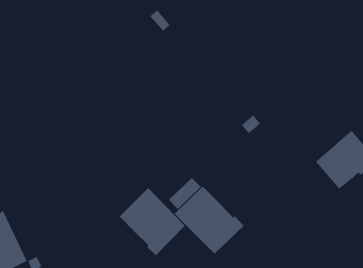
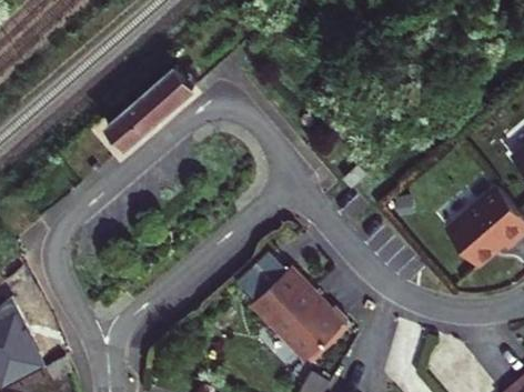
building: none -> [107,68,194,148]
building: [119,187,186,256] -> none

